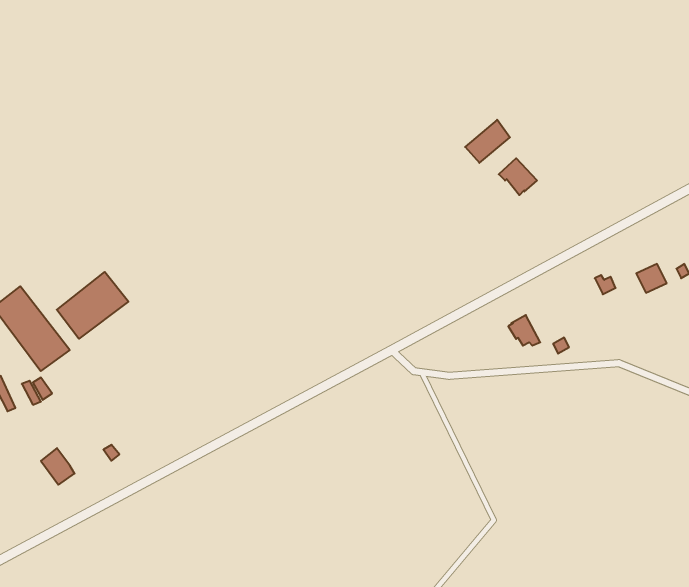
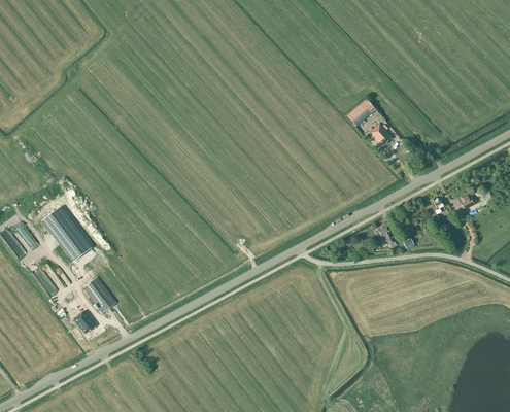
building: [57,272,128,339] -> none
building: none -> [83,277,116,313]

